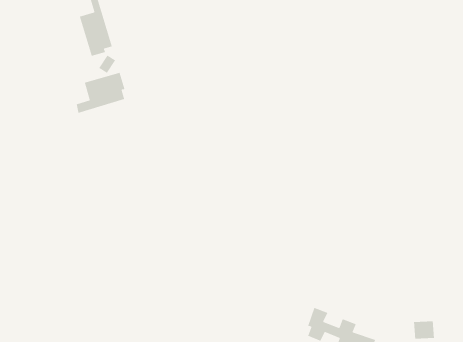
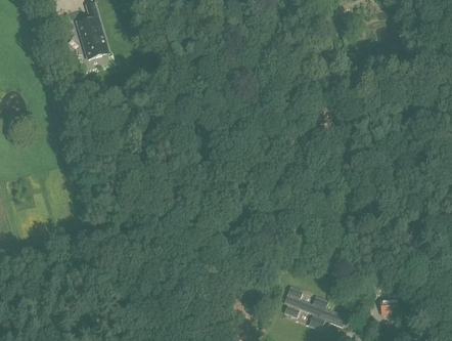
building: [76,72,125,114] -> none

